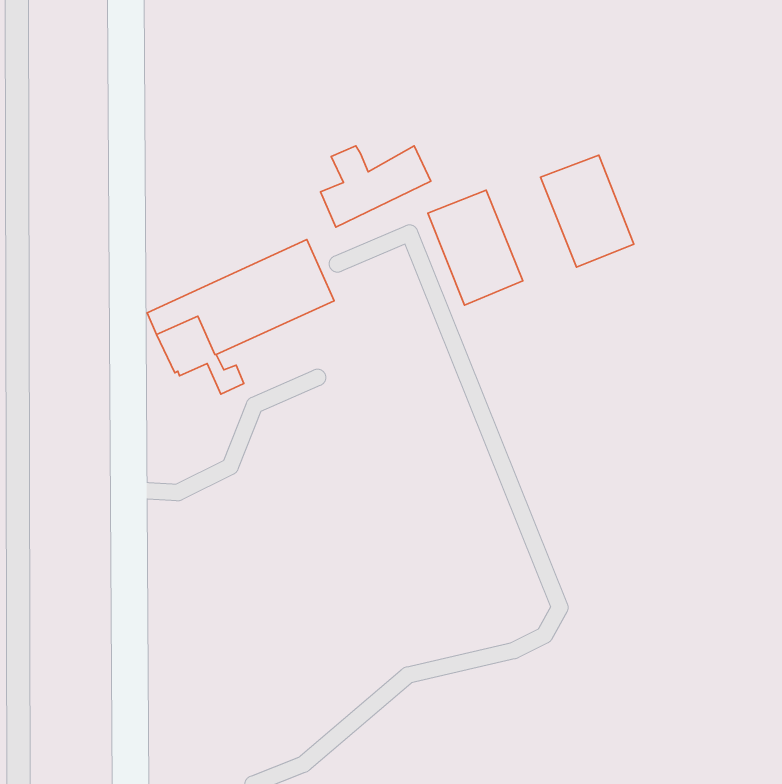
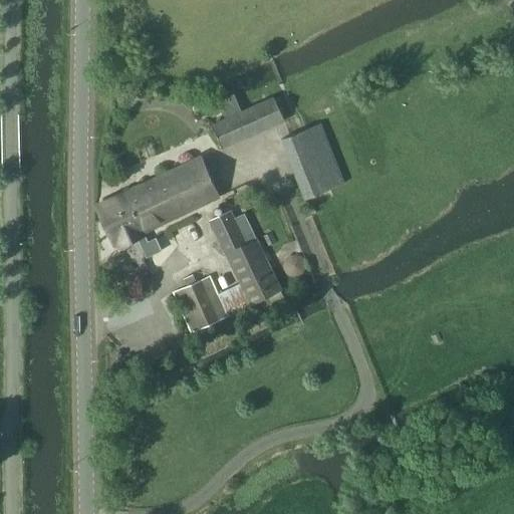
building: [540,155,634,267] -> none
building: none -> [174,211,281,332]

